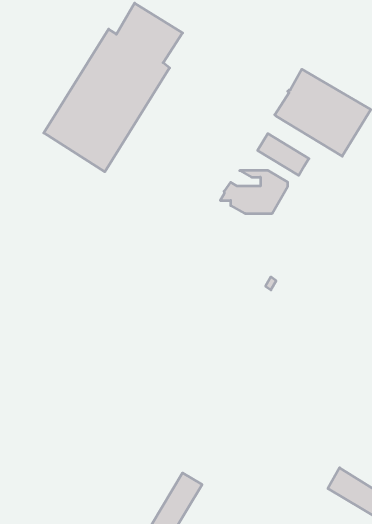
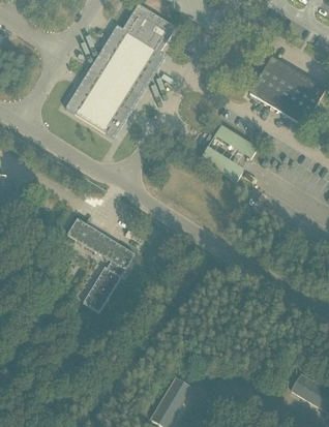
building: [258,134,309,175] -> none
building: none -> [66,218,133,312]

